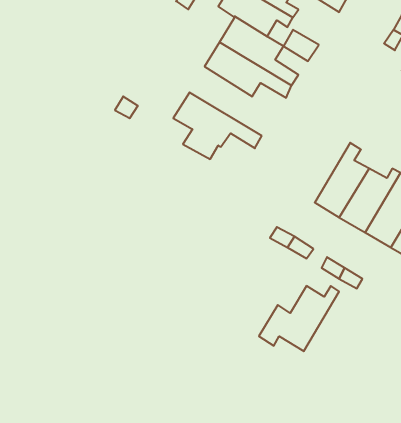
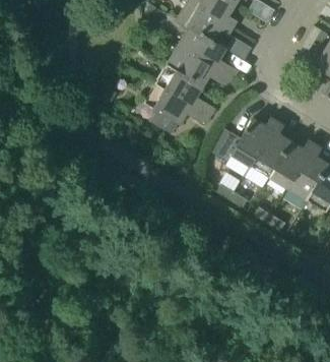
building: none -> [156,64,215,116]
building: [259,286,339,351] -> [216,117,276,166]

